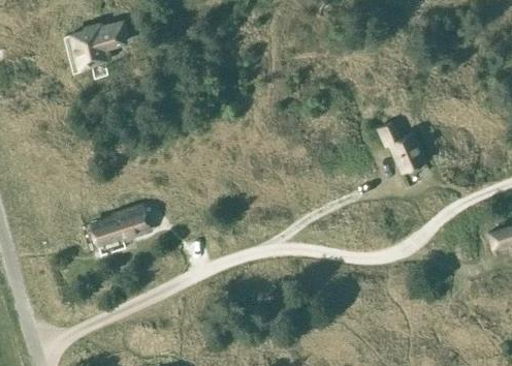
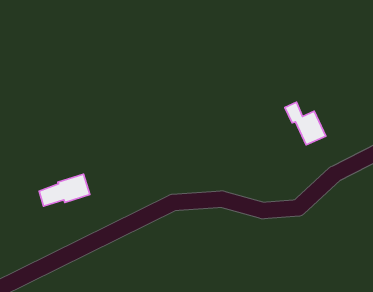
building: [73,21,129,67] -> none

